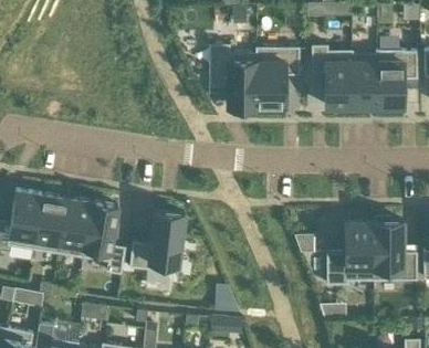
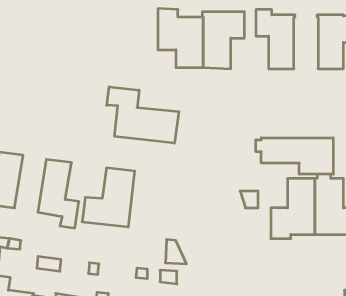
building: [352,53,377,107] -> none
building: none -> [107,87,179,143]
building: none -> [256,138,333,174]
building: [59,198,92,257] -> none

